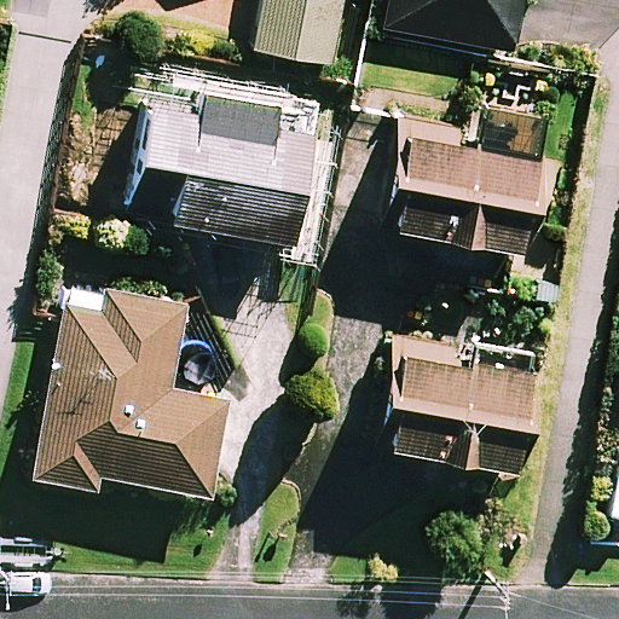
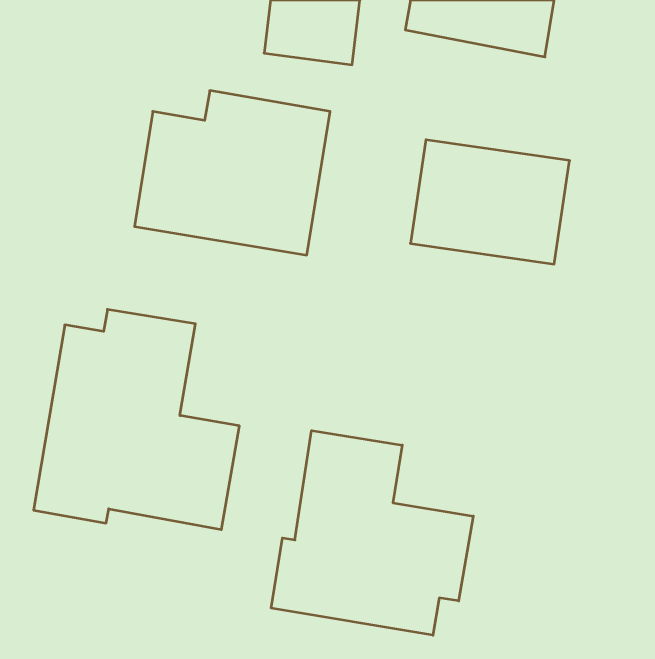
building: [384,332,533,465] -> none
building: none -> [271,431,473,635]

